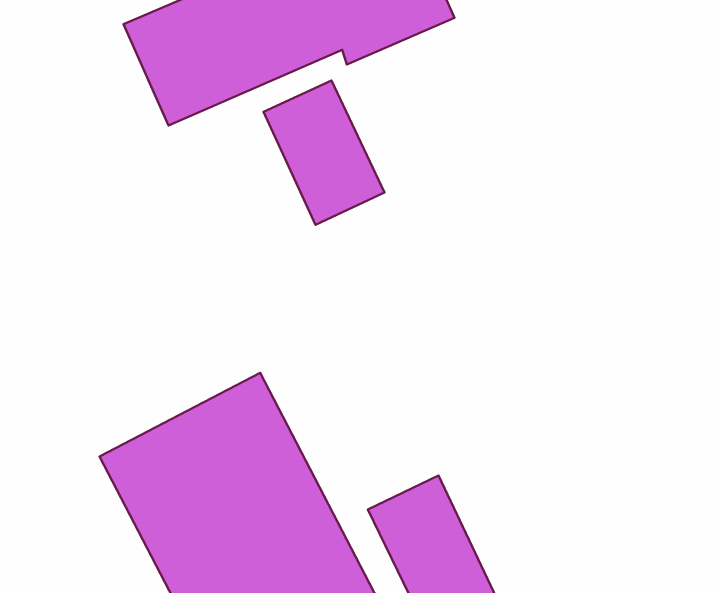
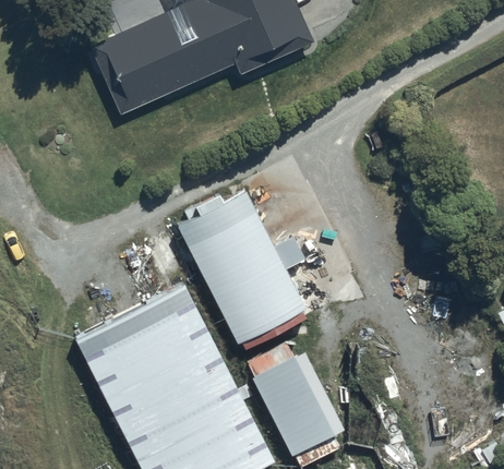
building: [263,81,385,225] -> none
building: none -> [180,192,309,351]

